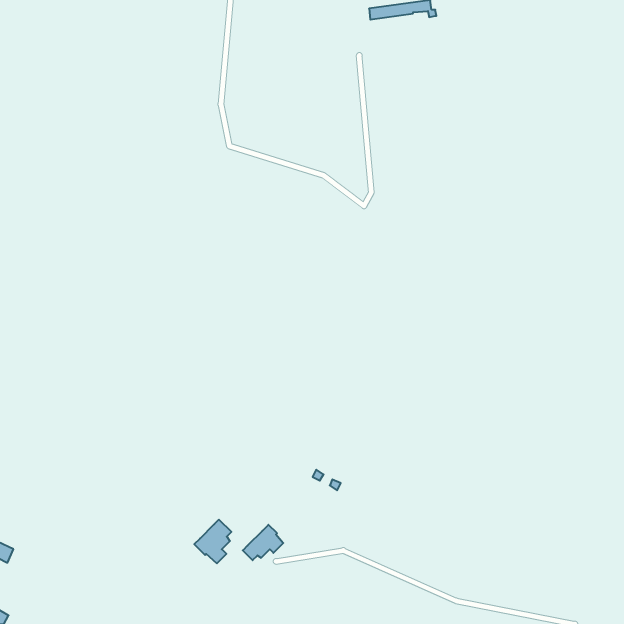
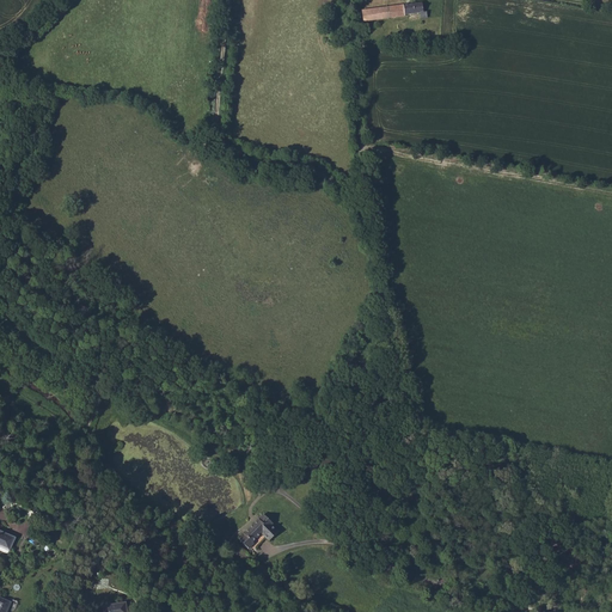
building: [194,520,231,563] -> none

